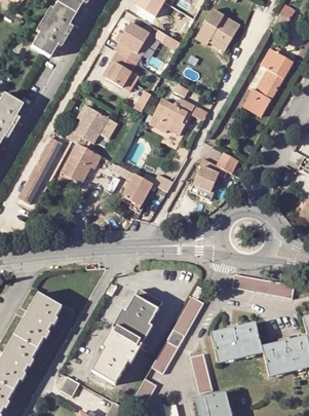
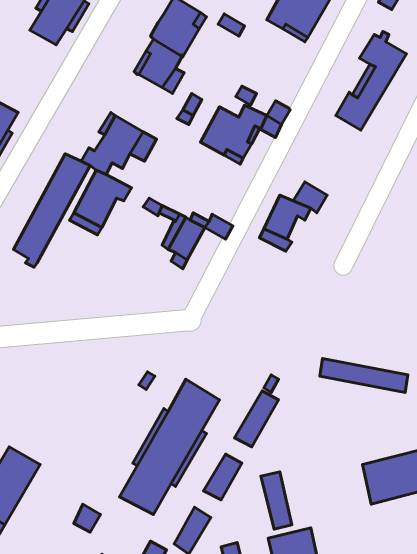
building: [16,294,62,348] -> none
building: [213,324,264,363] -> none

